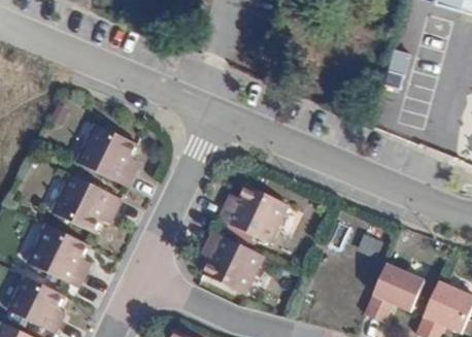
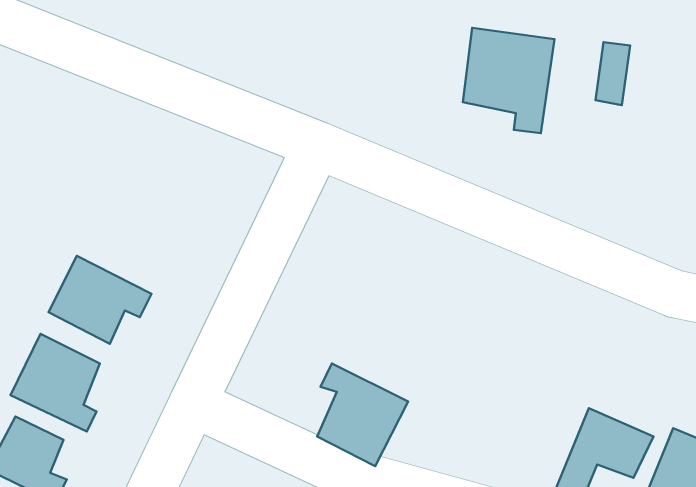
building: none -> [463,28,554,133]
building: [72,119,128,180] -> none
building: [231,195,296,248] -> none

